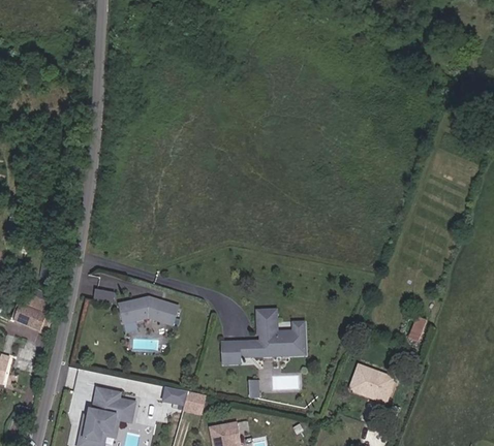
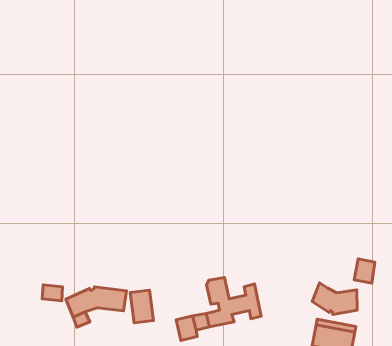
building: none -> [130,290,153,323]
building: none -> [312,283,357,314]

